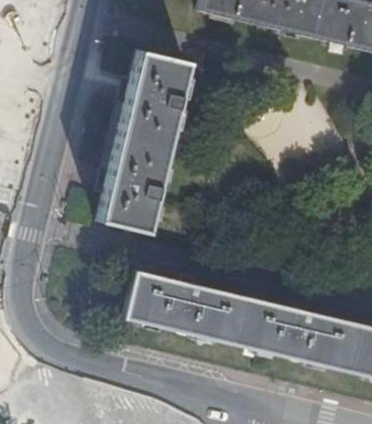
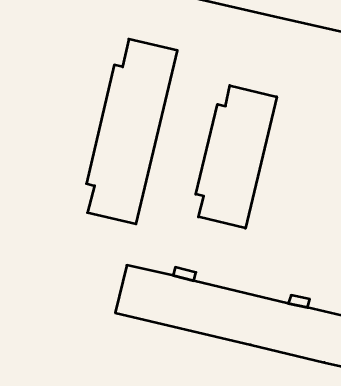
building: none -> [196,85,277,228]

